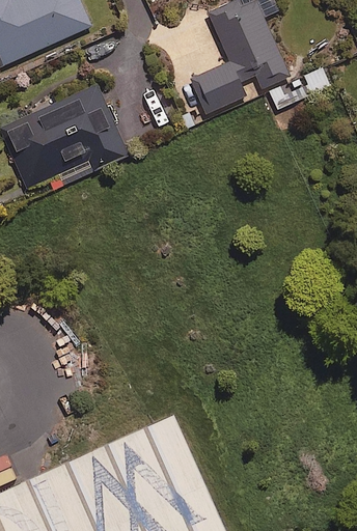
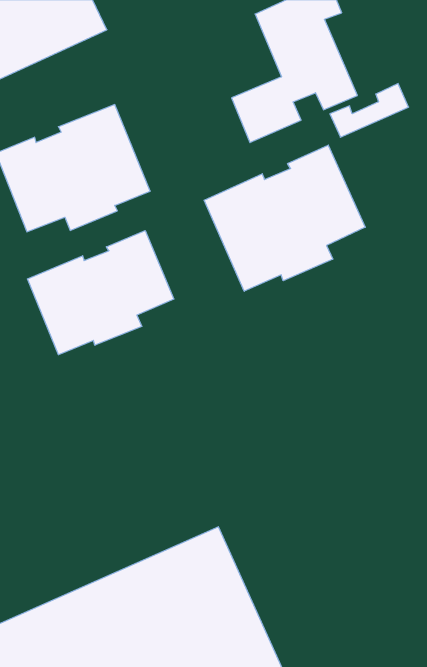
building: none -> [204,145,365,291]
building: none -> [27,231,174,355]

